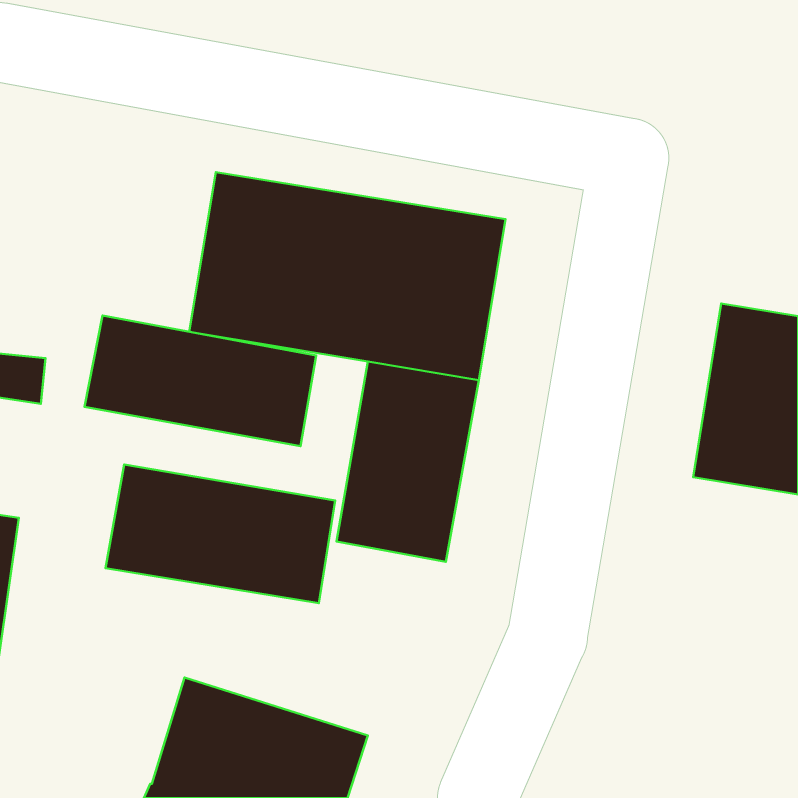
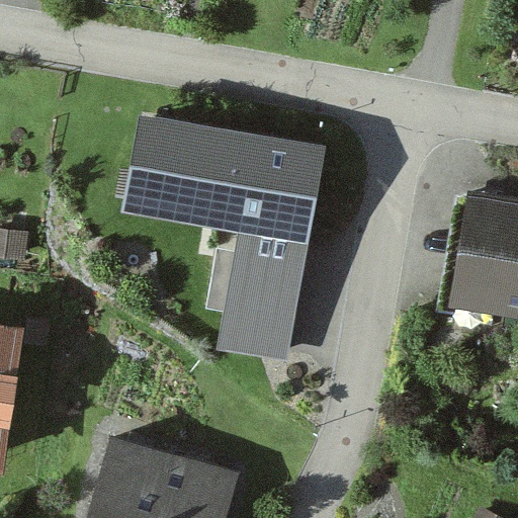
building: [84,316,316,446] -> none
building: [106,465,335,603] -> none

